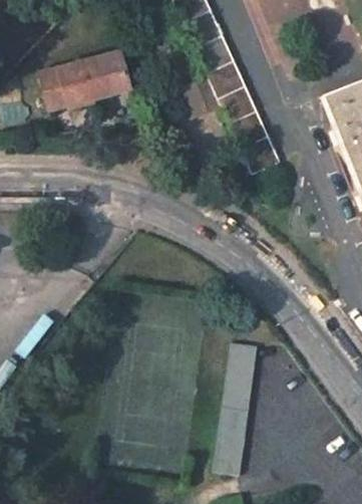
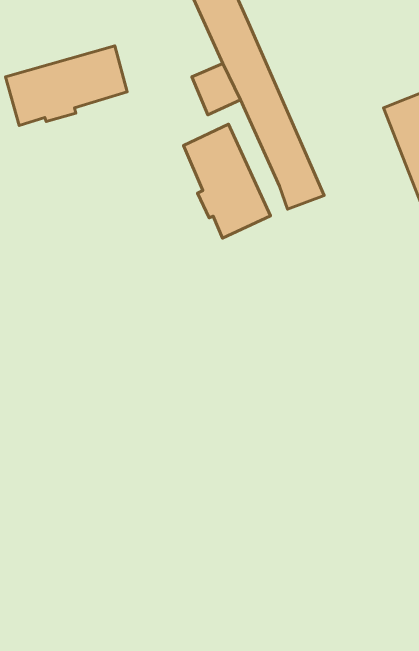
building: none -> [184,124,270,238]
building: [214,343,257,477] -> none

